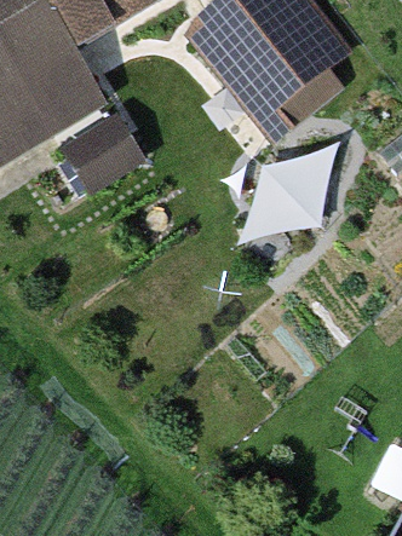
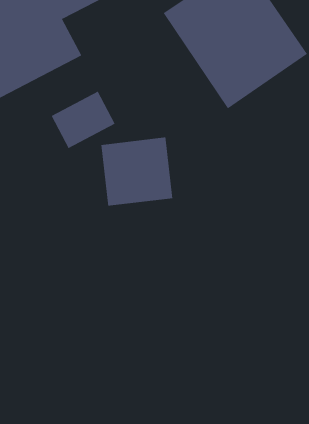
building: [254,143,340,225] -> [100,137,173,206]

